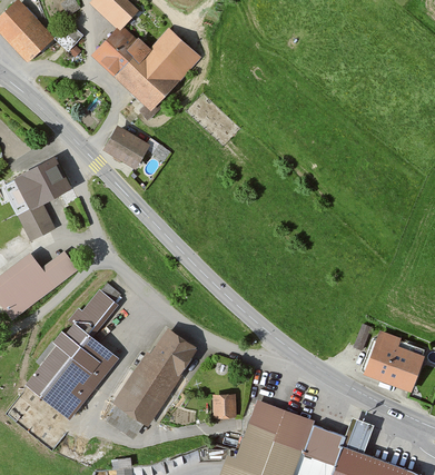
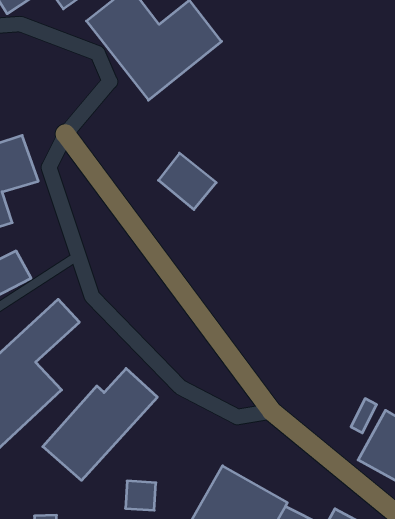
building: [102,127,149,170] -> [158,153,216,210]
building: [211,395,237,419] -> [125,481,156,510]

